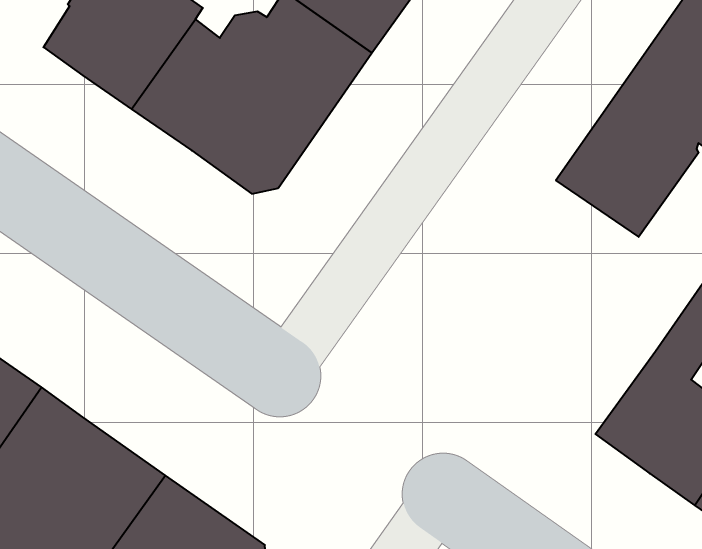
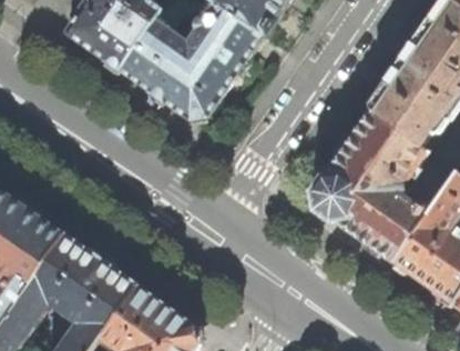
building: none -> [313,112,427,262]

